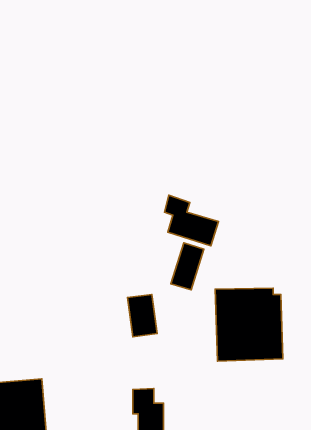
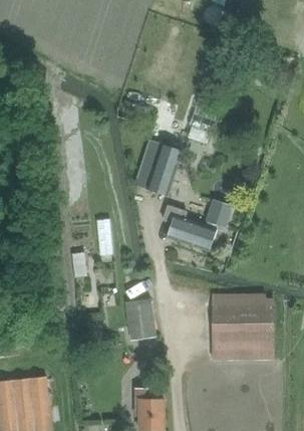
building: none -> [134,139,183,196]
building: none -> [205,199,232,227]
building: [171,243,204,290] -> none

